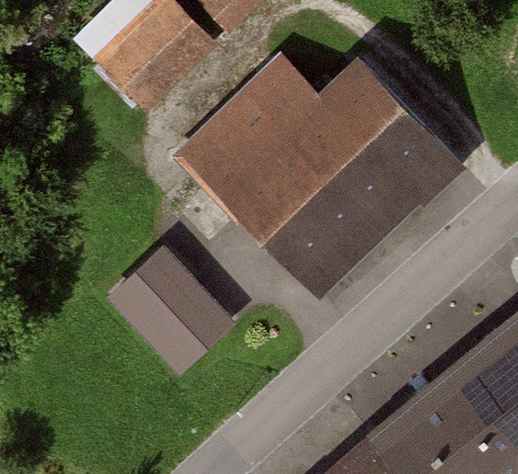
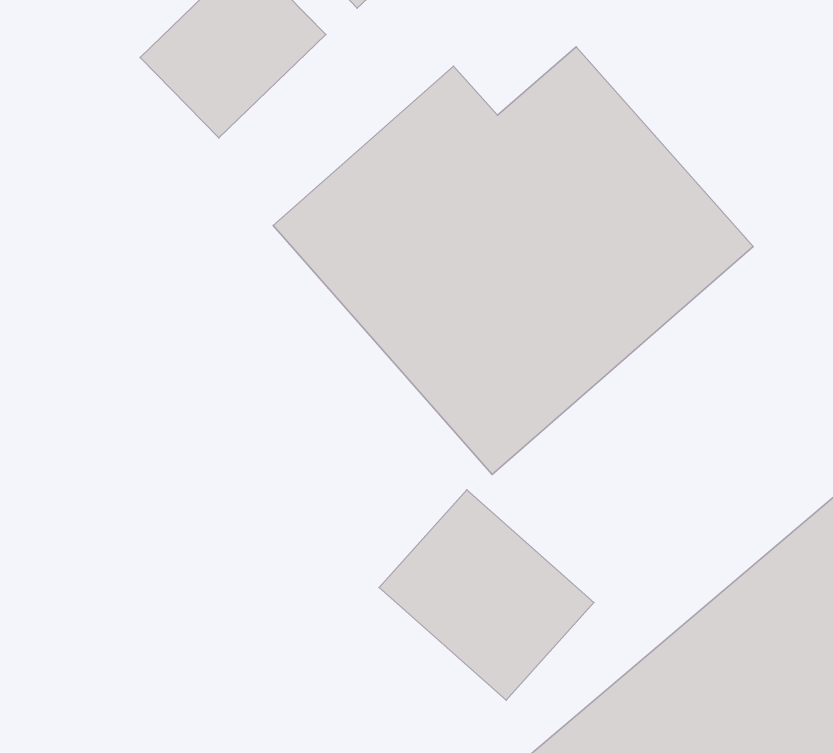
building: [112,240,247,371] -> none
building: none -> [379,490,594,700]

